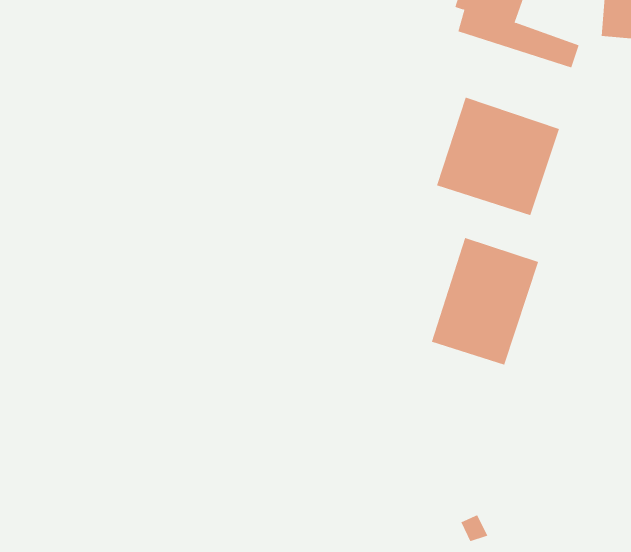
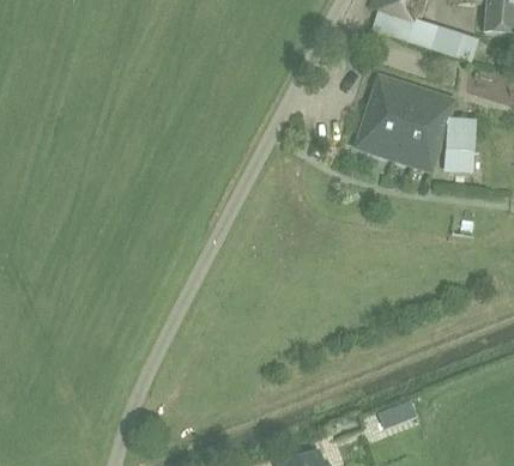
building: none -> [447,120,476,170]
building: [431,237,539,366] -> none

